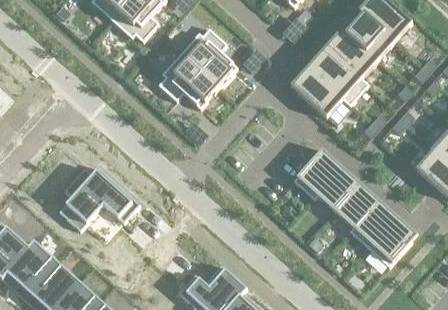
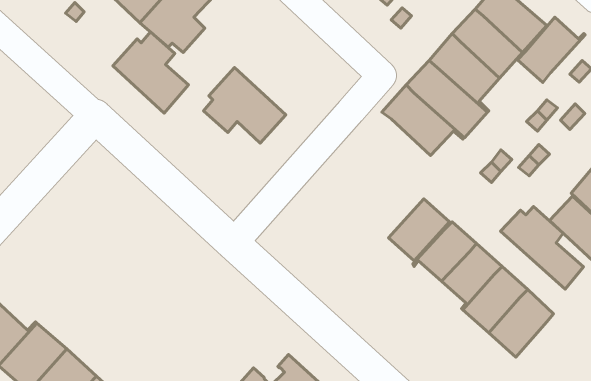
building: none -> [517,17,585,83]
building: [180,28,236,88] -> [113,32,188,113]
building: none -> [500,206,584,289]
building: [58,168,139,231] -> none

